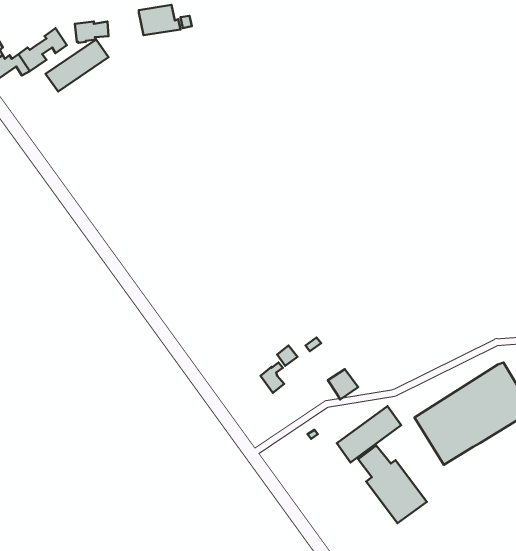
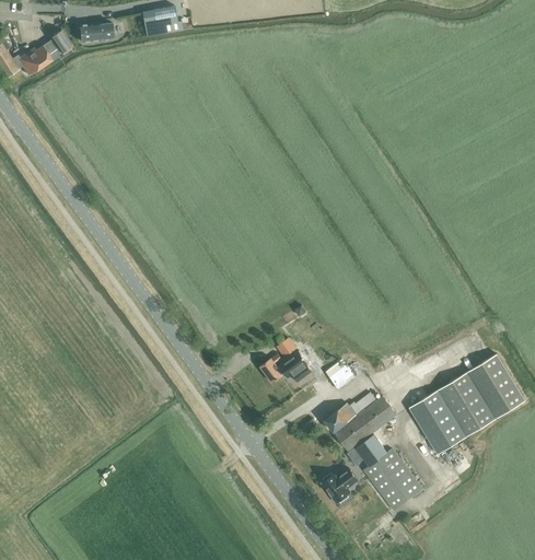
building: [45,40,109,92] -> none
building: none -> [276,352,312,382]
building: none -> [324,404,357,433]
building: none -> [321,469,357,503]

